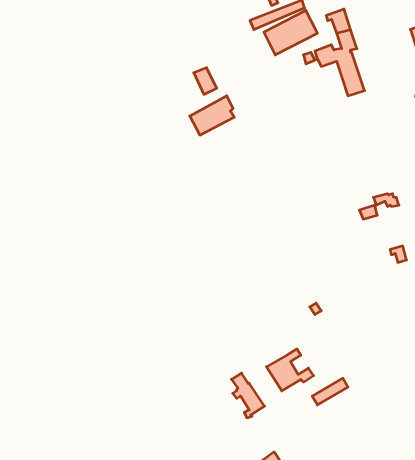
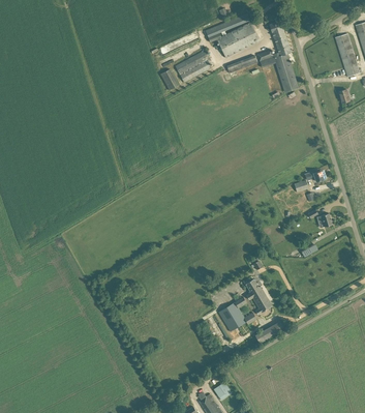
building: [190,96,234,135] -> [176,50,212,82]
building: [231,373,265,418] -> [245,278,272,315]

